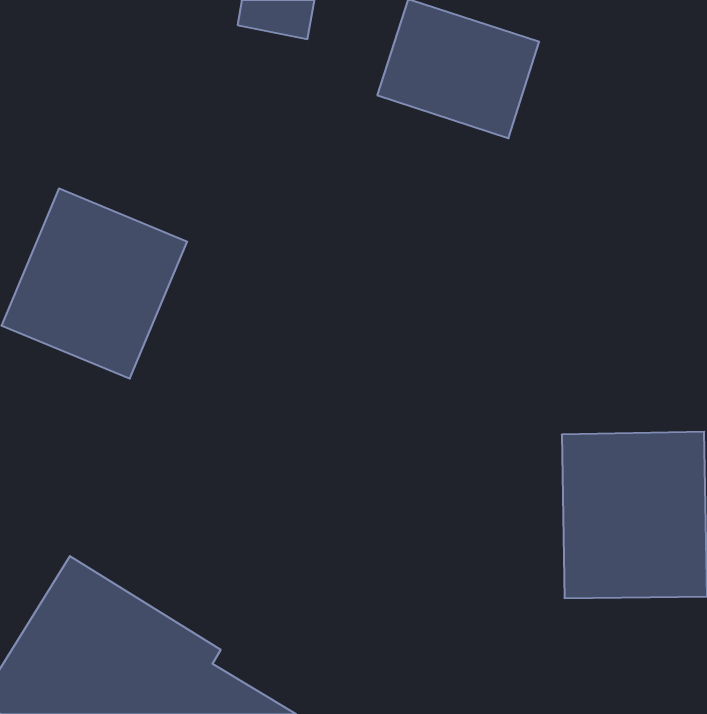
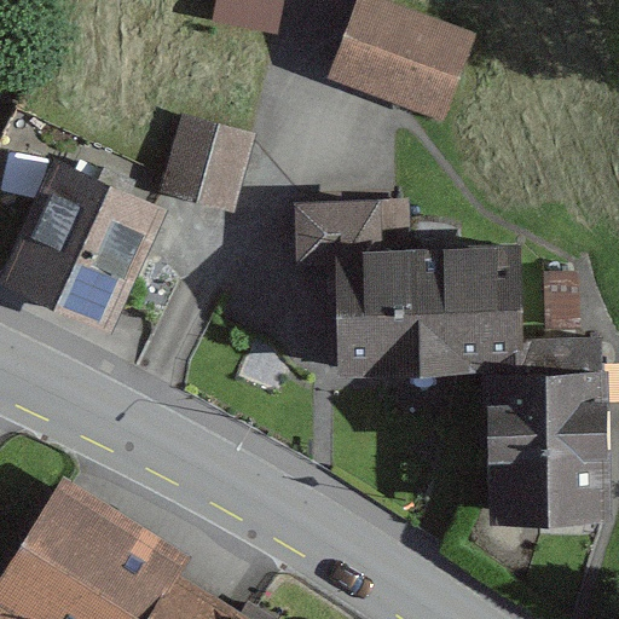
building: none -> [162,122,248,207]
building: none -> [290,209,523,374]

